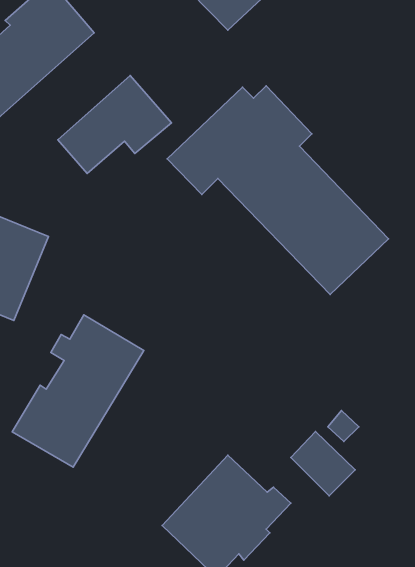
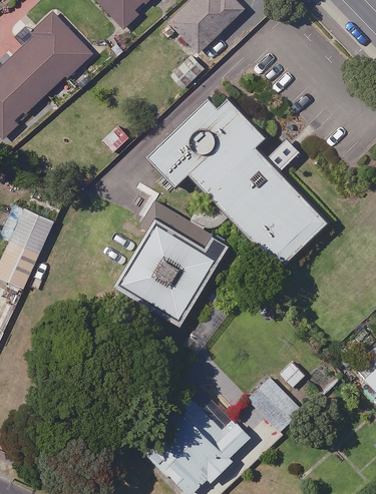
building: [58,76,171,174] -> none
building: none -> [117,200,221,325]
building: [12,315,144,467] -> none

